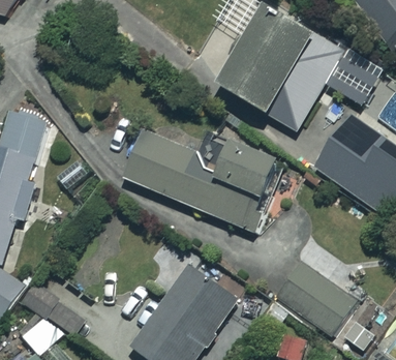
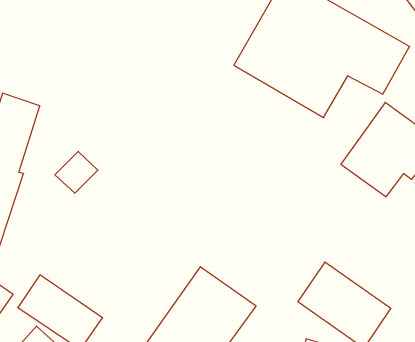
building: [123,127,278,231] -> none

